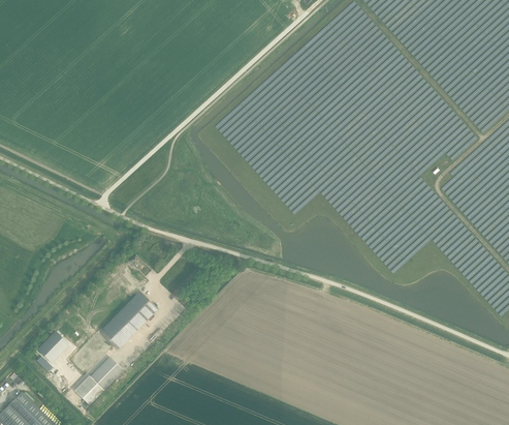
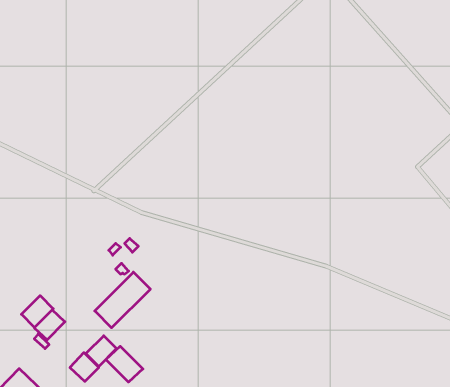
building: none -> [21,296,53,327]
building: none -> [106,346,143,382]

